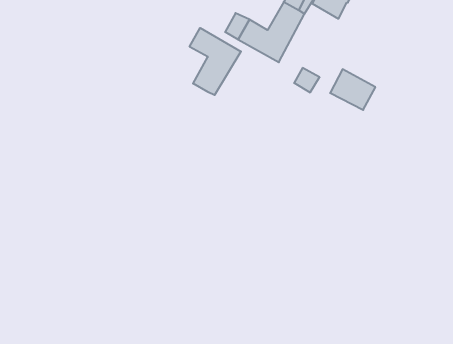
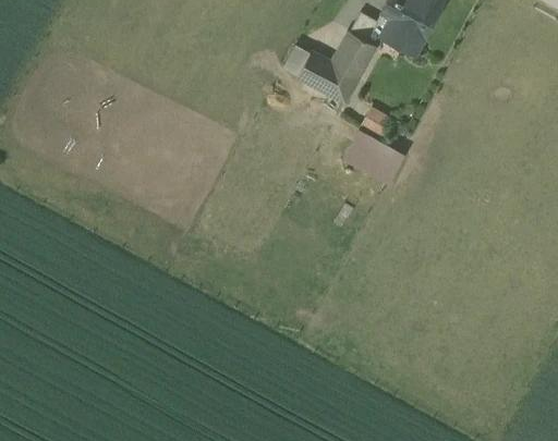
building: [190,28,241,95] -> none
building: [330,69,375,110] -> [345,132,398,179]

